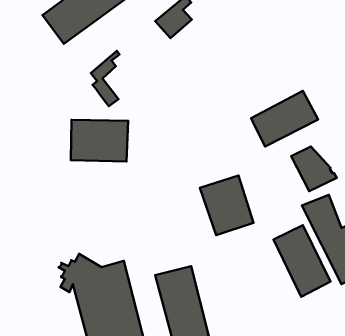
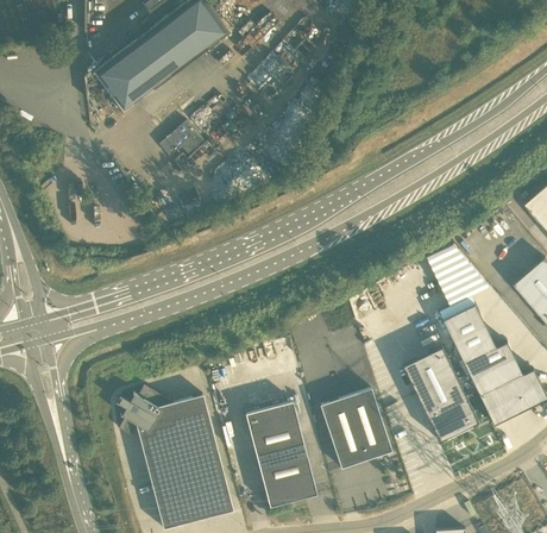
building: [251,91,318,147] -> none
building: [71,120,128,162] -> none
building: [200,175,254,235] -> [320,389,391,469]

